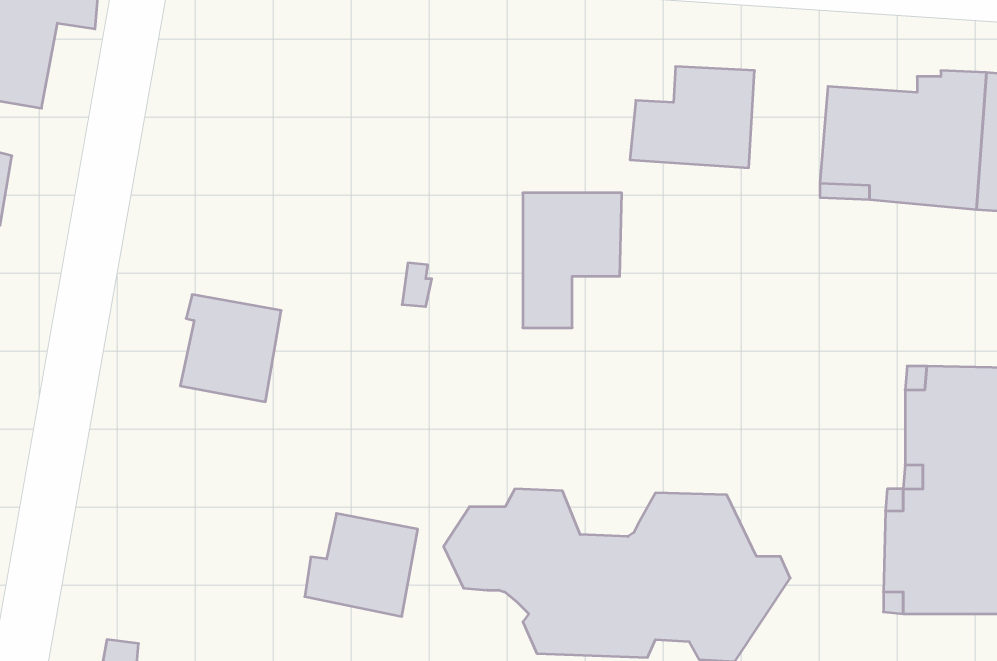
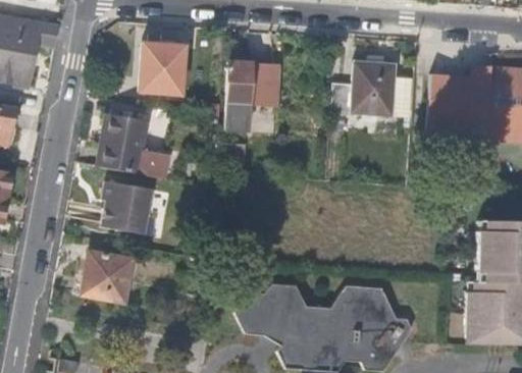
building: none -> [138,43,182,93]
building: none -> [97,115,168,179]
building: [523,193,622,328] -> [227,61,278,130]
building: [305,513,418,616] -> [74,251,133,304]

